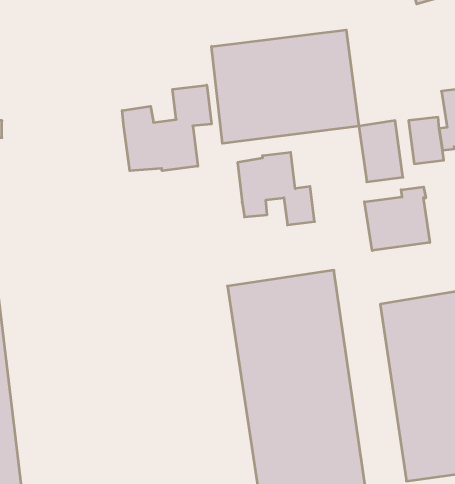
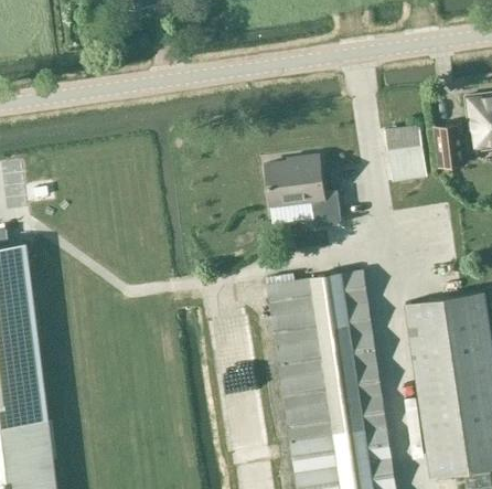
building: [212,30,359,143] -> none
building: [122,85,211,171] -> none
building: [364,187,430,251] -> none

